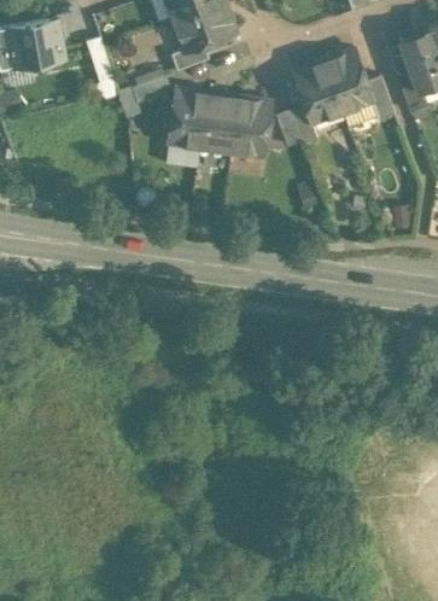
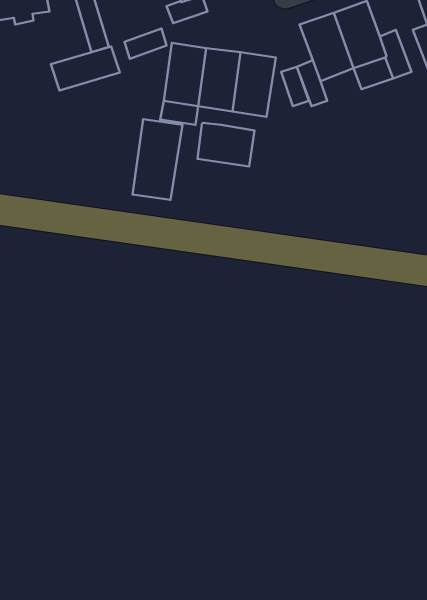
building: none -> [51,46,120,90]
building: none -> [132,119,182,200]
building: none -> [197,123,255,167]

